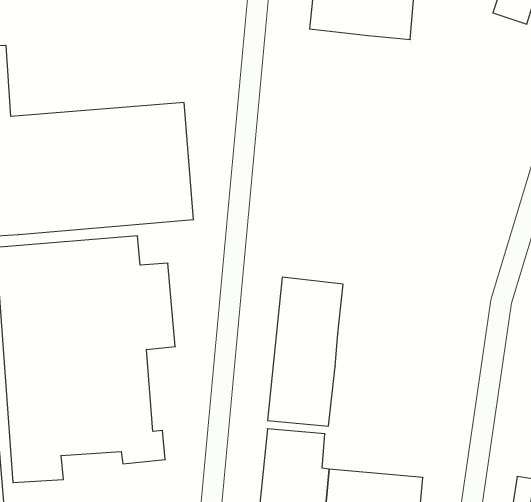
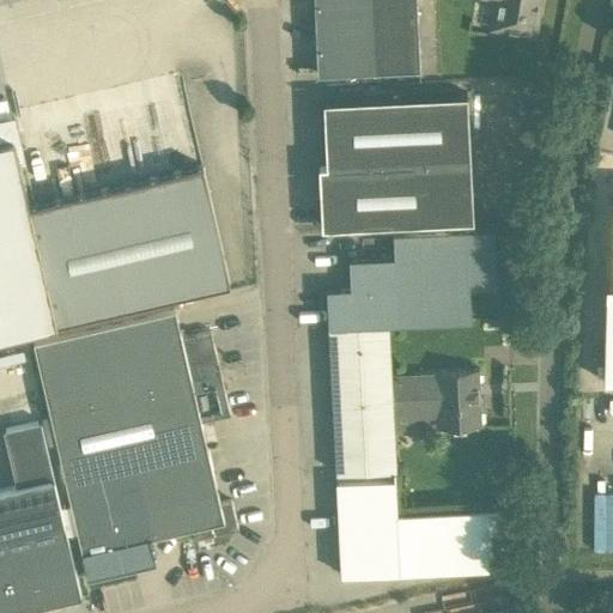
building: none -> [320,101,474,232]
building: none -> [326,233,497,333]
building: none -> [392,374,485,433]

